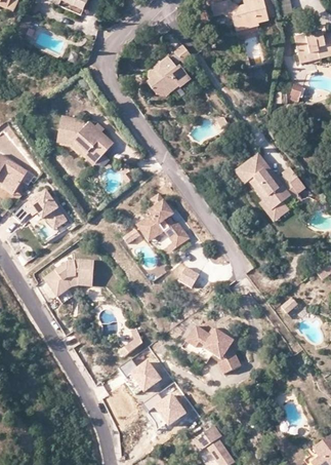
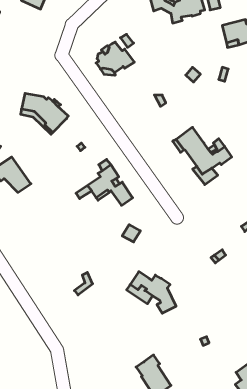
building: [43,260,94,298] -> none
building: [119,358,161,392] -> none
building: [142,392,185,426] -> none

